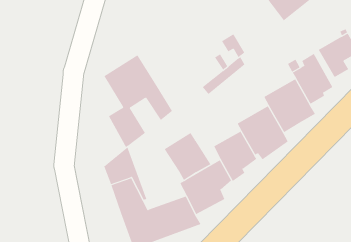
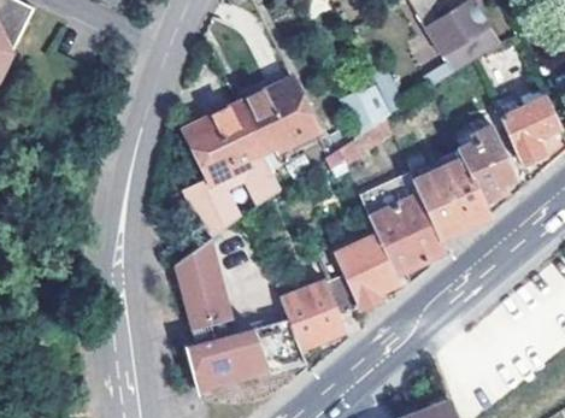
building: none -> [235,77,317,153]
building: none -> [361,172,420,218]
building: [164,132,211,181] -> none

